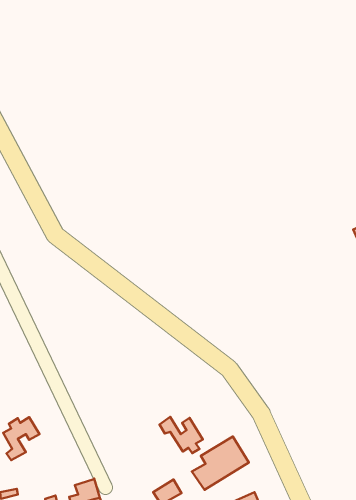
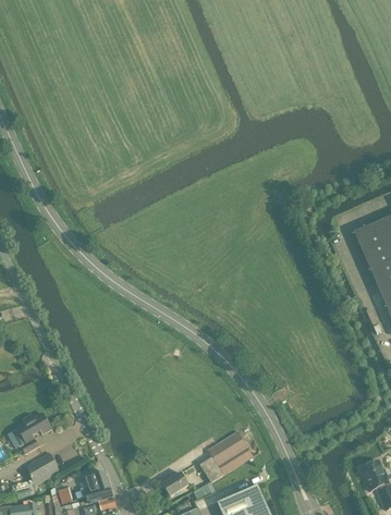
building: [160,417,203,453] -> none
building: none -> [26,451,60,485]

